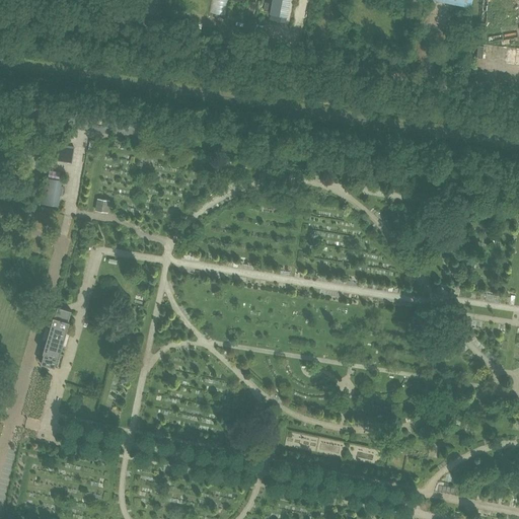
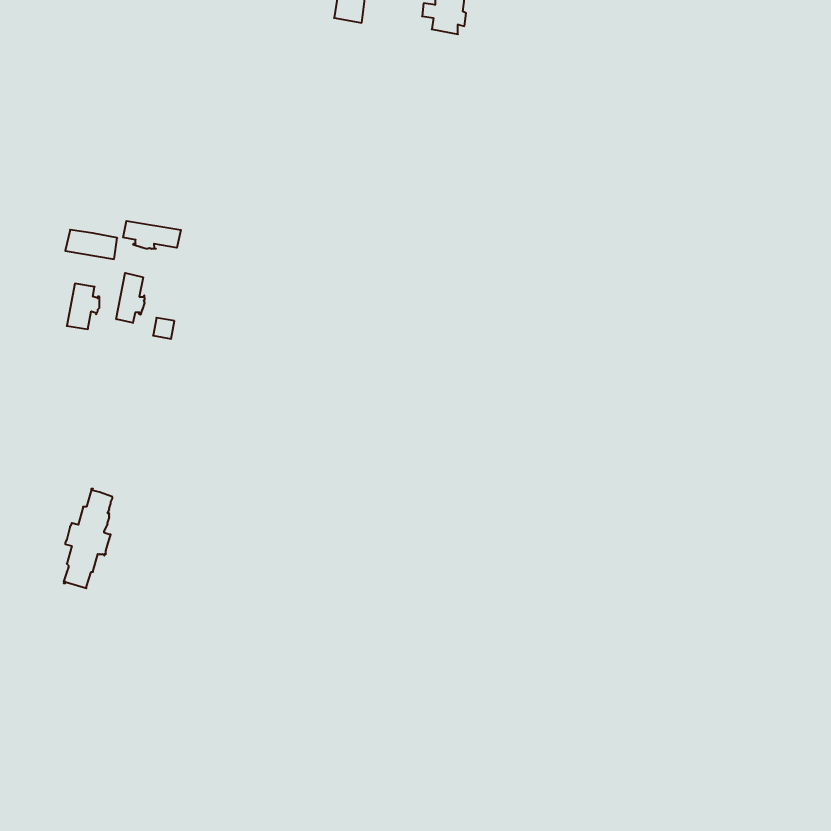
building: none -> [123,221,181,249]
building: none -> [116,273,144,323]

